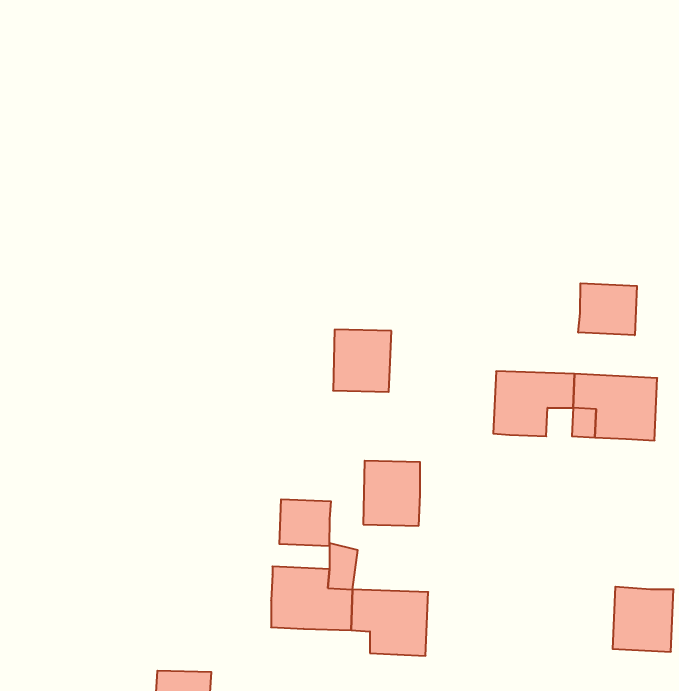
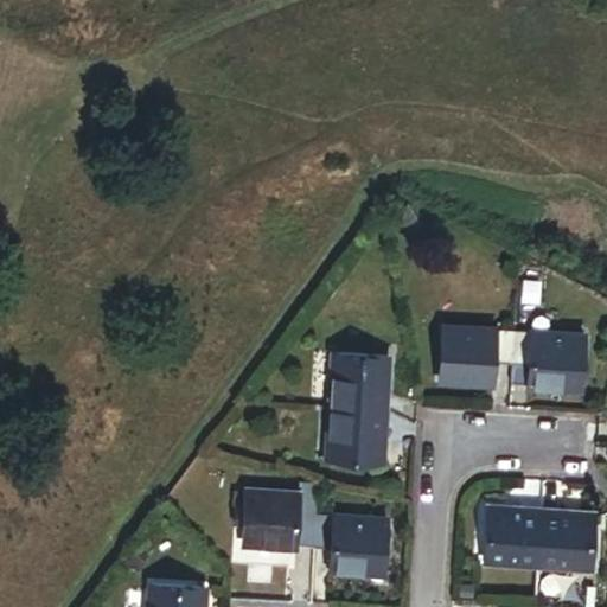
building: [578,283,637,335] -> none
building: [333,330,391,392] -> [331,351,382,405]
building: [279,499,331,546] -> none
building: none -> [497,513,550,569]

